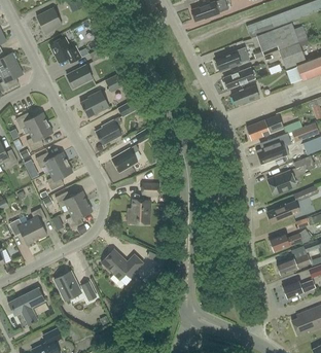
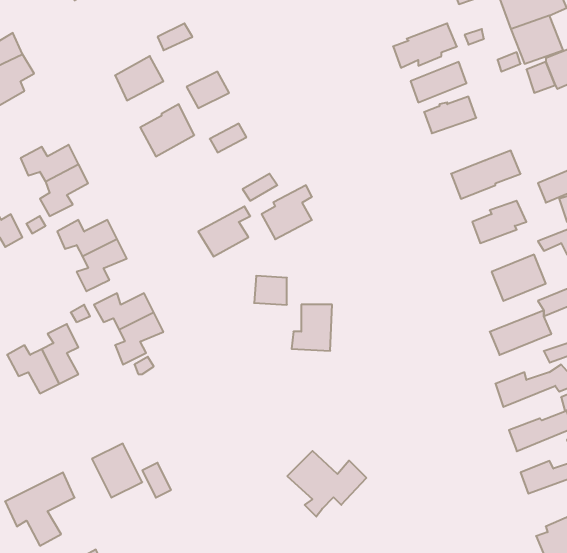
building: [51,38,81,62] -> none
building: [95,116,121,145] -> [262,185,312,239]
building: [128,199,149,223] -> [292,305,332,351]
building: [101,248,143,283] -> [287,451,366,517]

